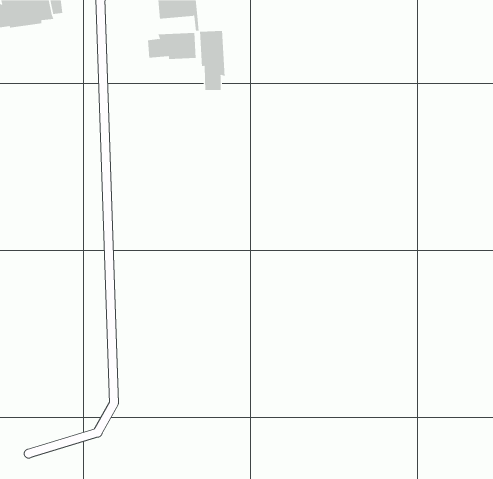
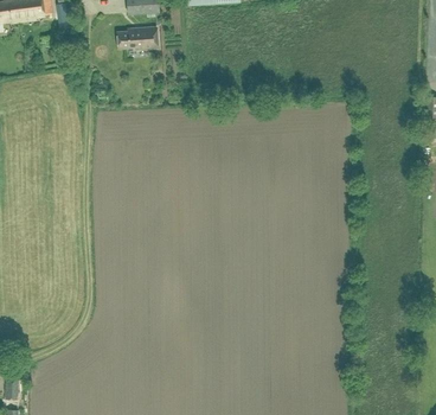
building: [199,30,225,91] -> none

